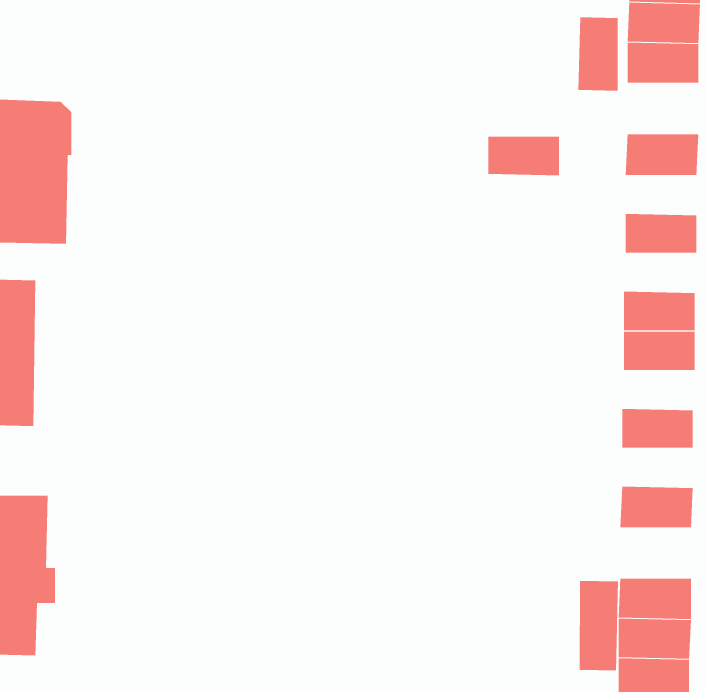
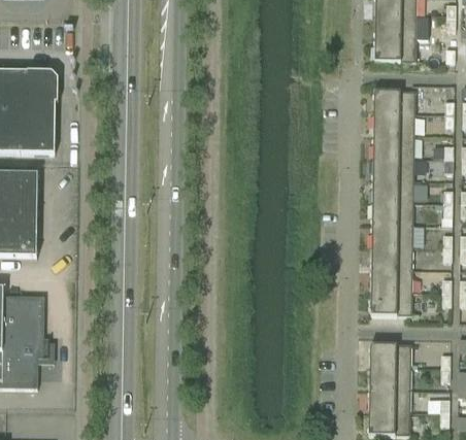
building: [578,17,618,91] -> none
building: [488,136,560,176] -> [373,113,414,136]
building: none -> [372,158,414,180]
building: none -> [371,225,413,247]
building: none -> [371,269,412,292]
building: [579,580,619,671] -> none

